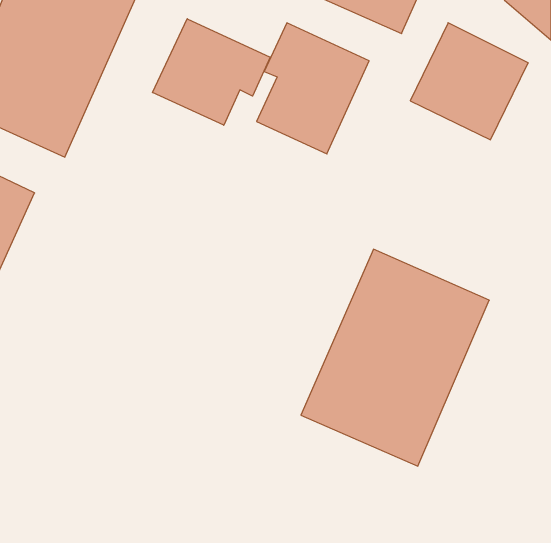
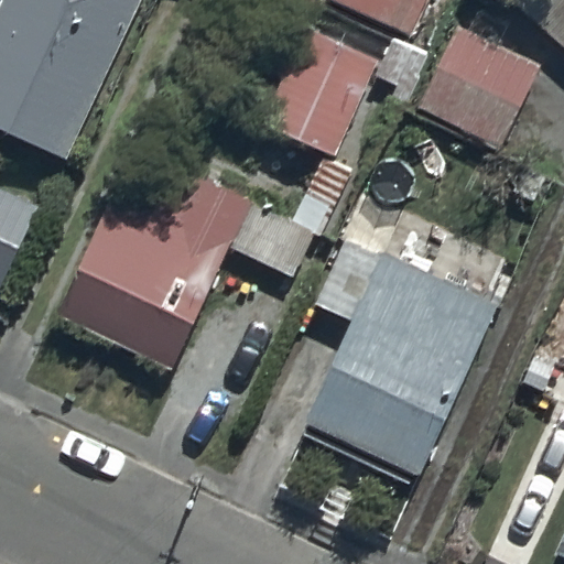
building: [153,19,270,125] -> none
building: none -> [62,170,317,368]

